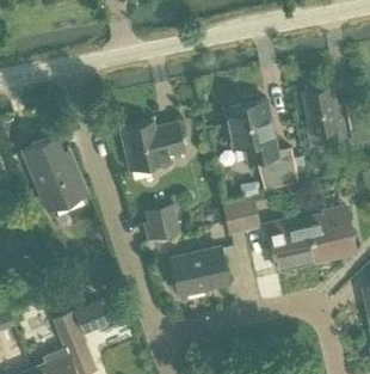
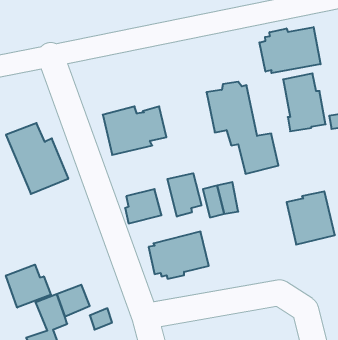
building: none -> [259,27,321,73]
building: none -> [167,173,201,217]
building: [266,217,316,270] -> none
building: none -> [6,265,51,308]

